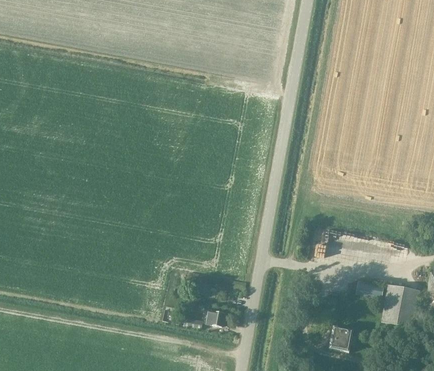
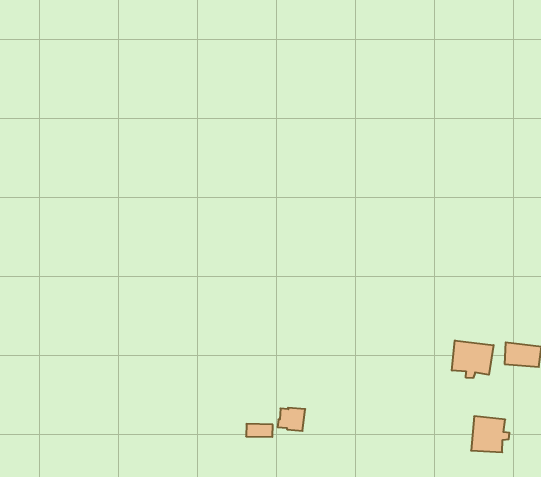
building: none -> [452,340,494,378]

